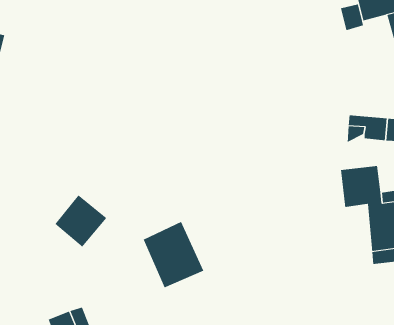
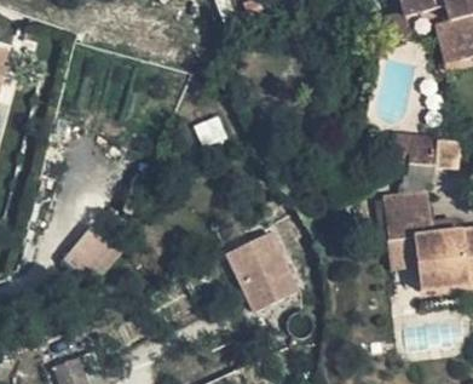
building: [143,221,204,288] -> [225,233,294,308]

